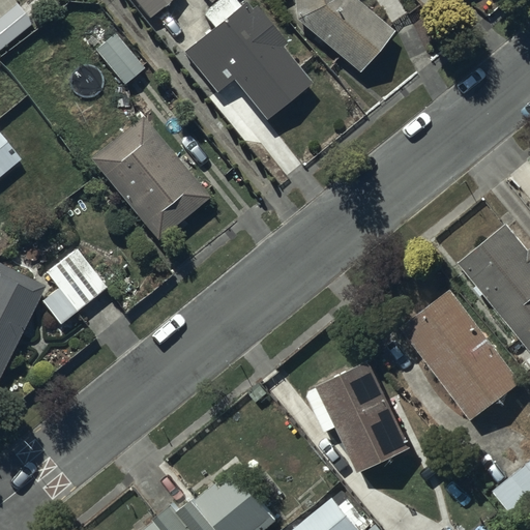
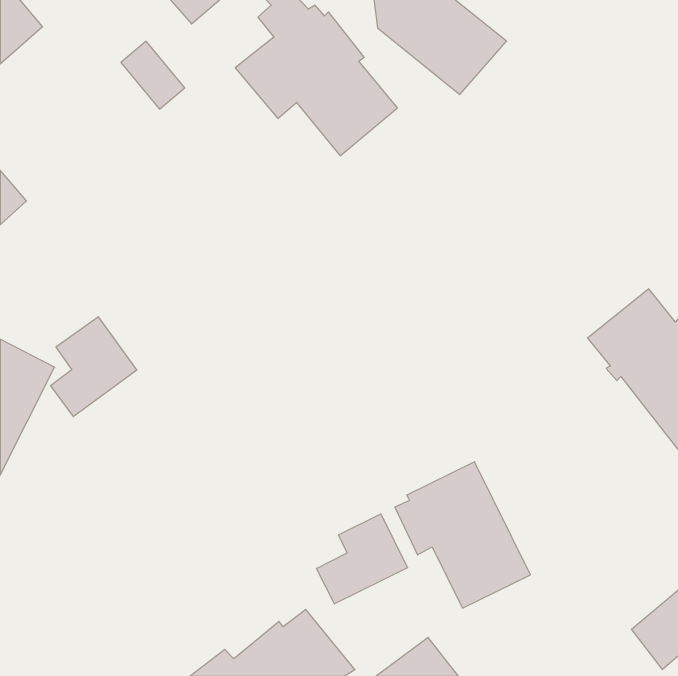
building: [90,116,210,241] -> none
building: [403,290,523,420] -> none
building: none -> [316,514,407,604]

